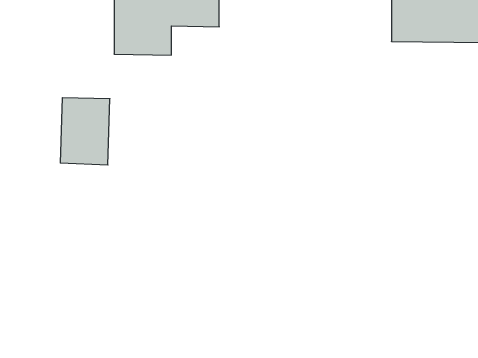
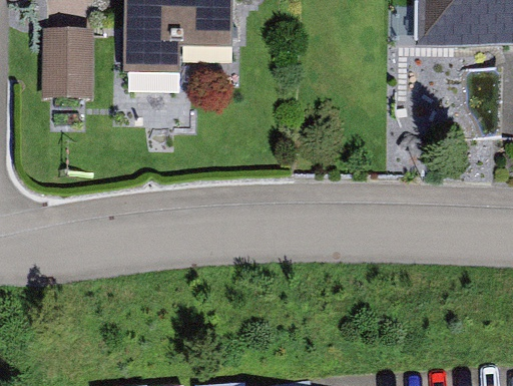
building: [60,98,110,165] -> [41,30,92,99]

